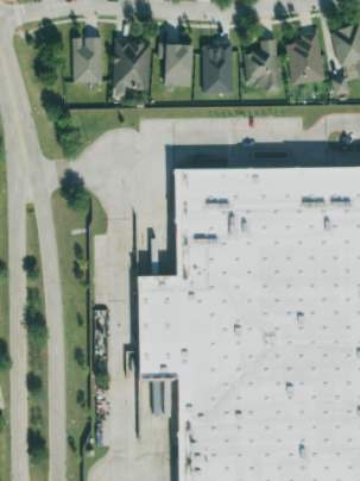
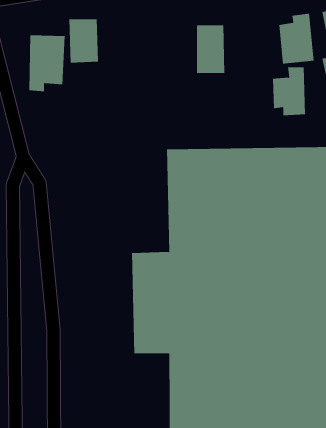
building: [114,38,152,96] -> [29,35,66,92]
building: [245,39,279,89] -> [272,67,306,116]
building: [159,43,192,87] -> none

